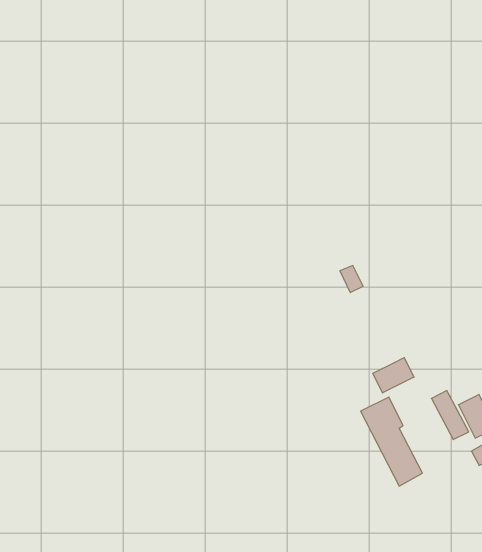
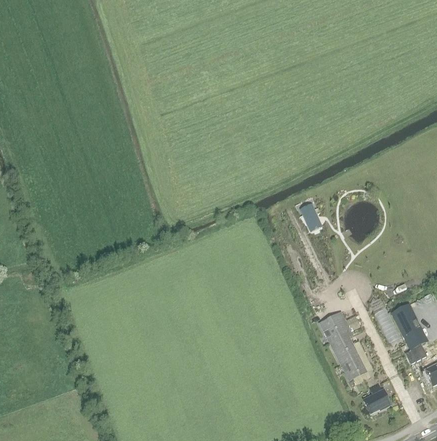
building: [373,358,414,393] -> none
building: none -> [363,384,391,413]

